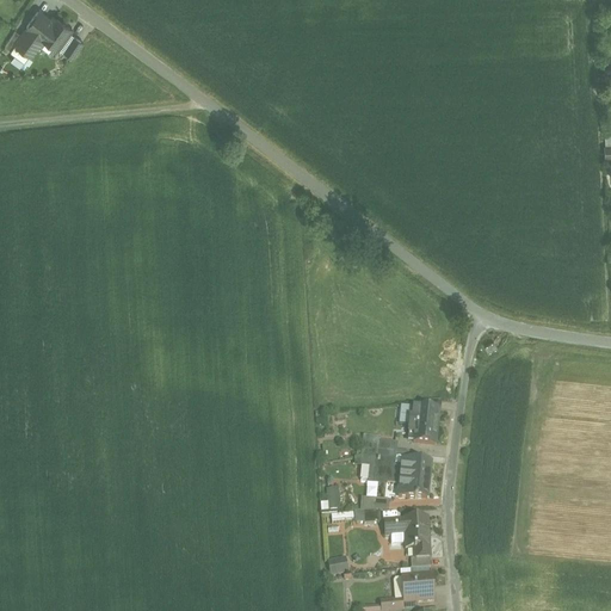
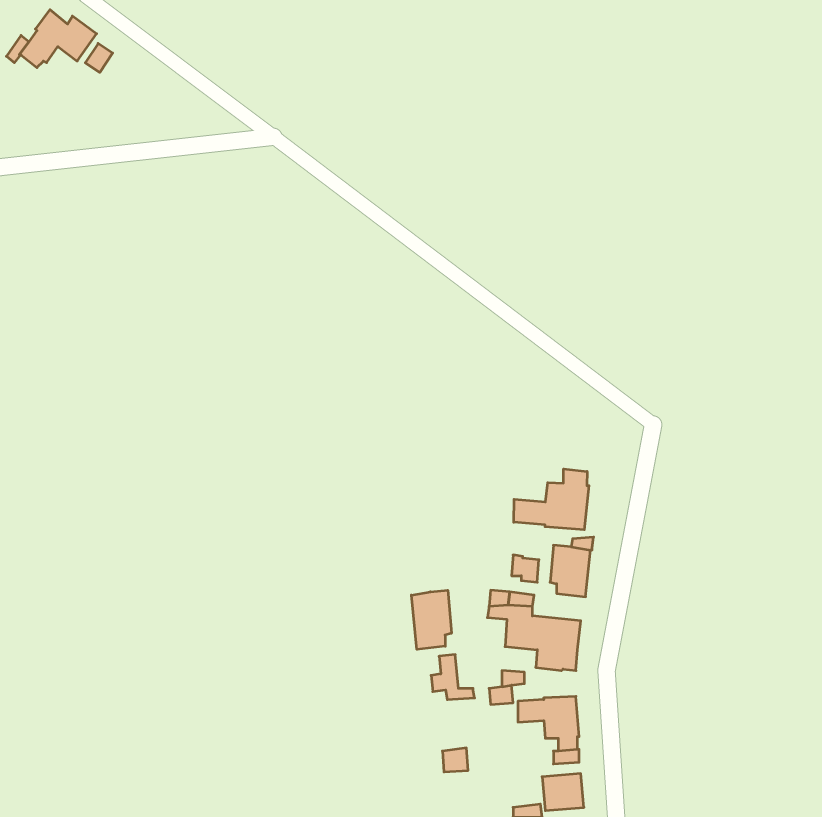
building: none -> [514,469,589,530]
building: none -> [411,590,451,649]

